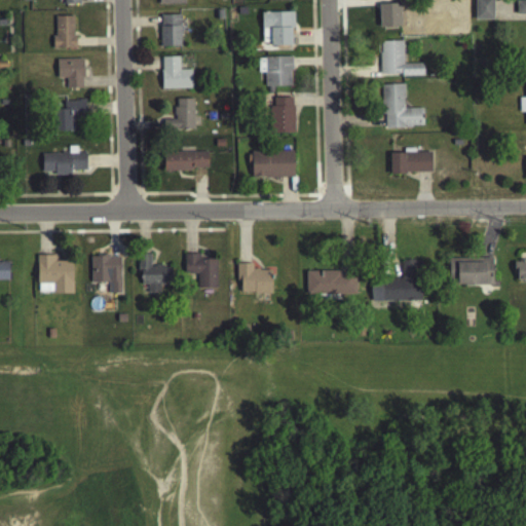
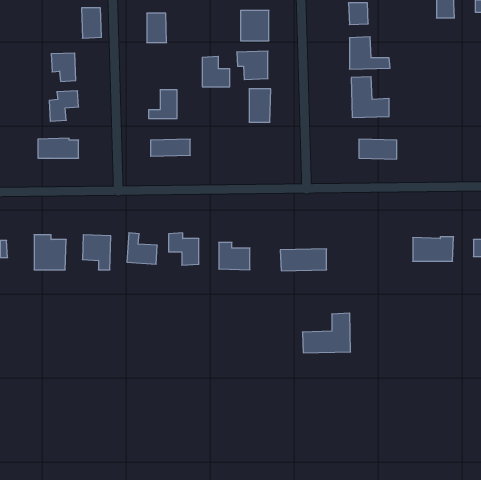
building: [55,15,77,48] -> [82,8,101,38]
building: [164,55,194,88] -> [202,56,230,87]
building: [254,150,296,177] -> none
building: [372,258,424,301] -> [302,313,351,353]

